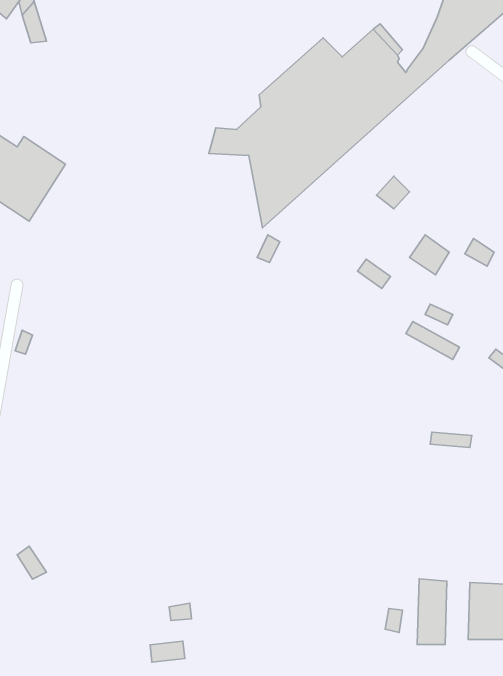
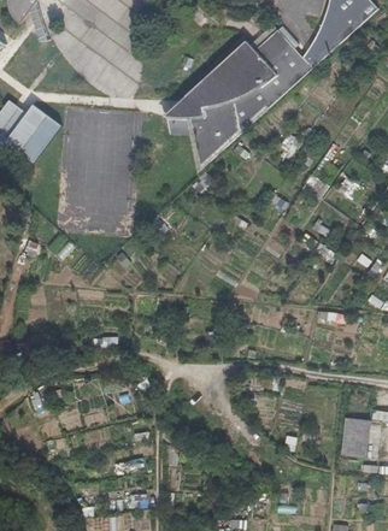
building: [417,579,447,645] -> none

